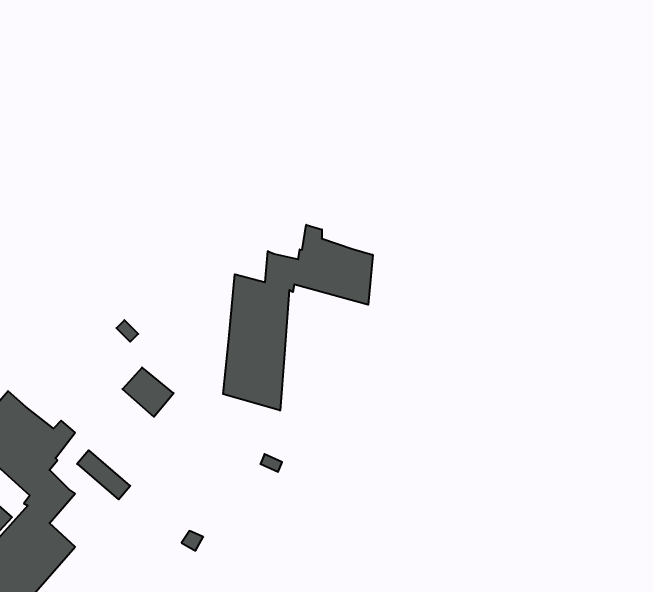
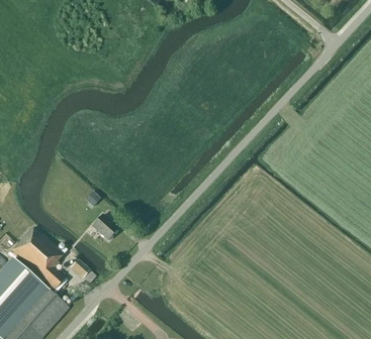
building: [223,225,373,411] -> none

